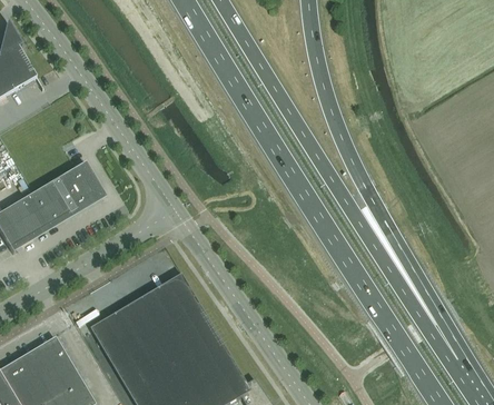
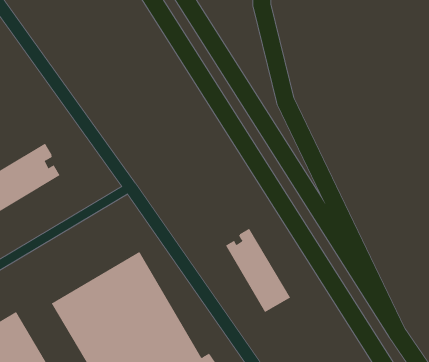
building: none -> [225,228,291,314]

